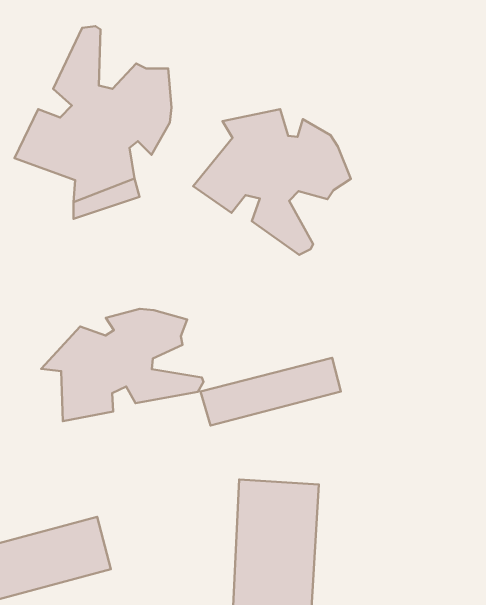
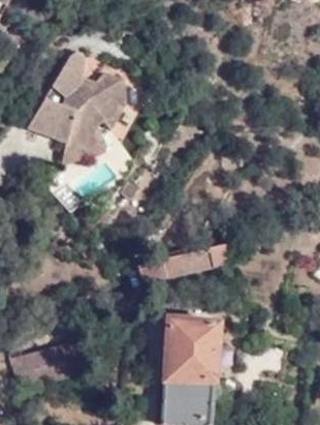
building: [193,109,351,255] -> none
building: [41,309,203,421] -> none

